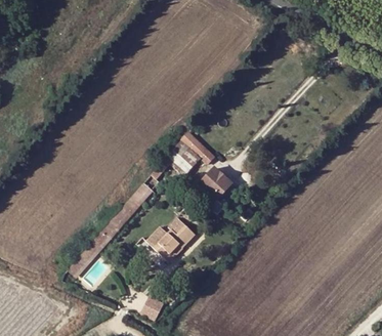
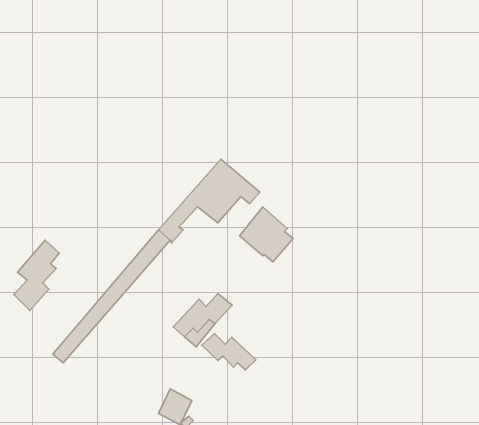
building: none -> [14,240,59,311]
building: none -> [202,333,256,370]

